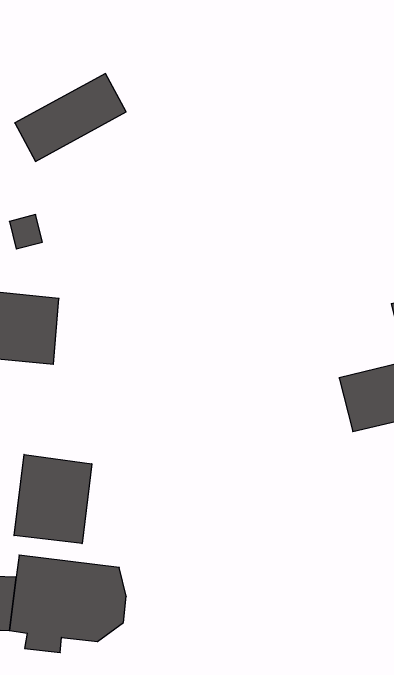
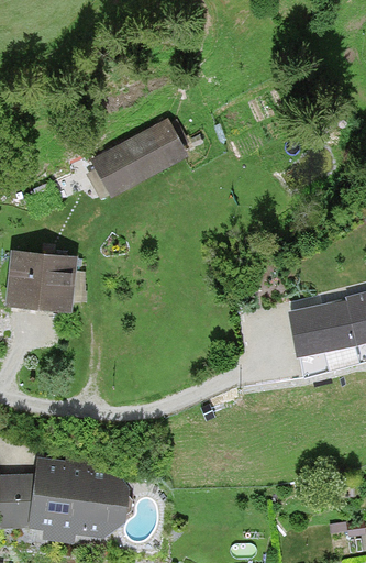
building: [15,74,126,161] -> [93,122,182,192]
building: [14,454,92,544] -> none

